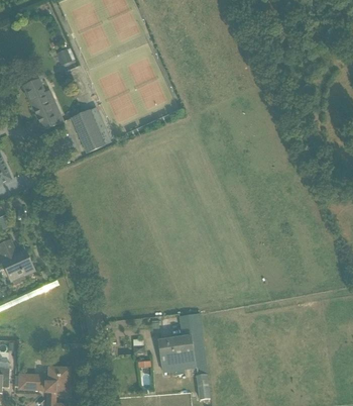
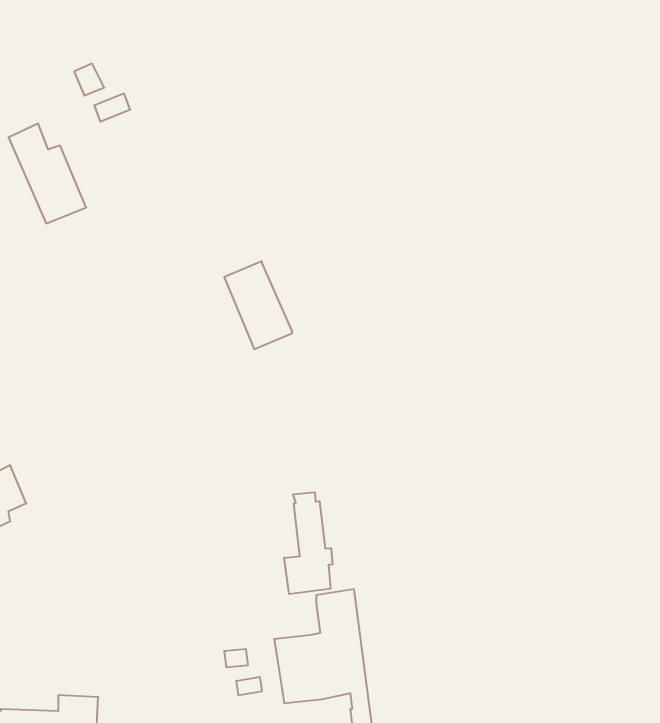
building: [69,108,103,153] -> [224,261,292,349]
building: none -> [284,492,332,594]

